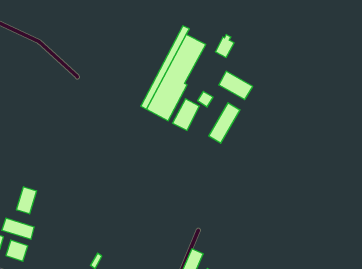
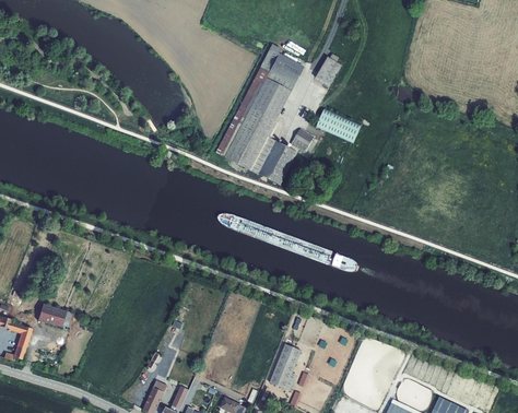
building: [209,103,240,143] -> none
building: [17,187,37,214] -> none

